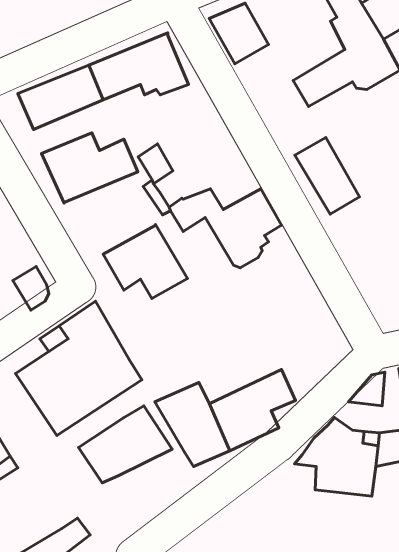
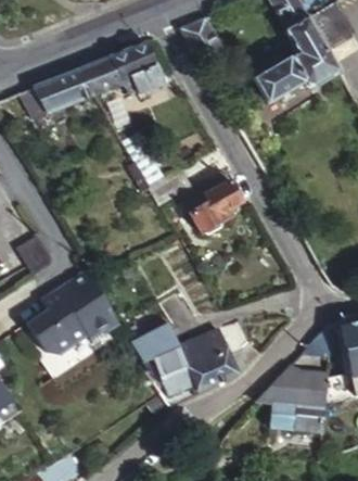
building: [41,133,138,203] -> none
building: [295,138,360,214] -> none
building: [103,224,188,298] -> none
building: [79,406,172,483] -> none

